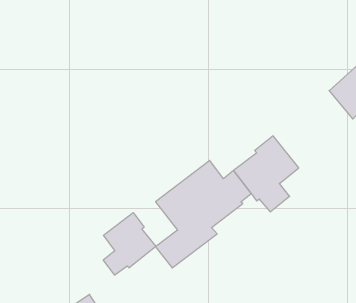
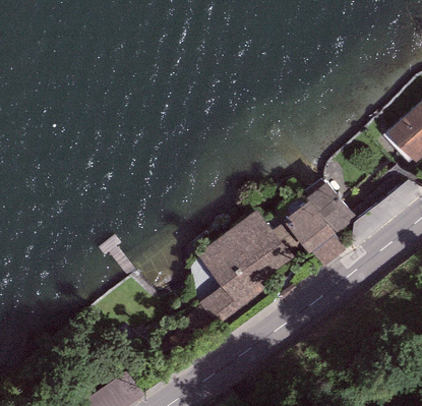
building: [103,213,156,275] -> none

